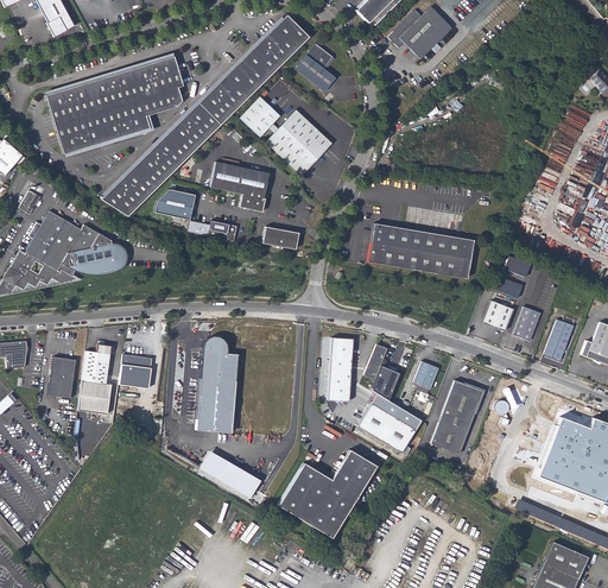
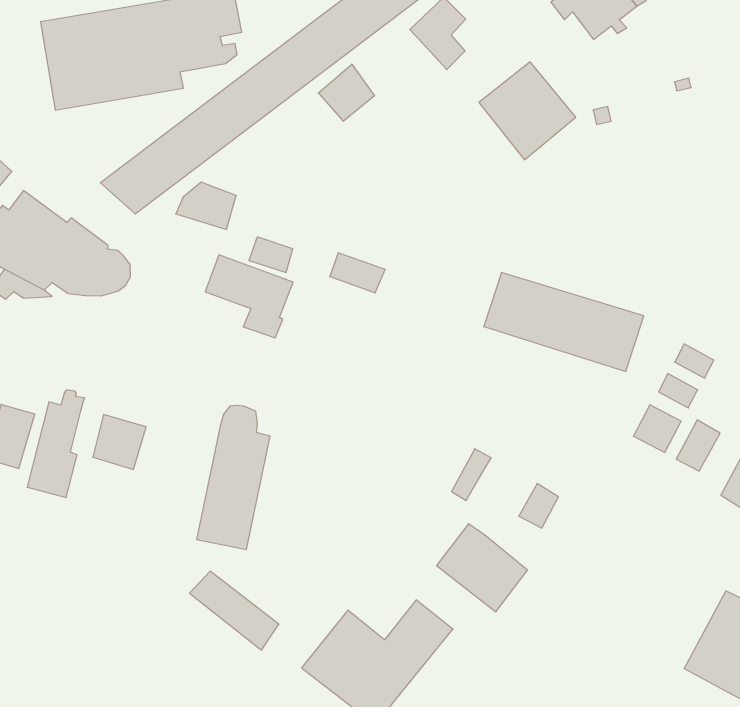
building: [266,109,332,176] -> [479,62,576,160]
building: [213,158,271,209] -> [205,255,293,338]
building: [328,339,353,403] -> none
building: [372,366,401,402] -> none
building: [429,380,480,454] -> none

